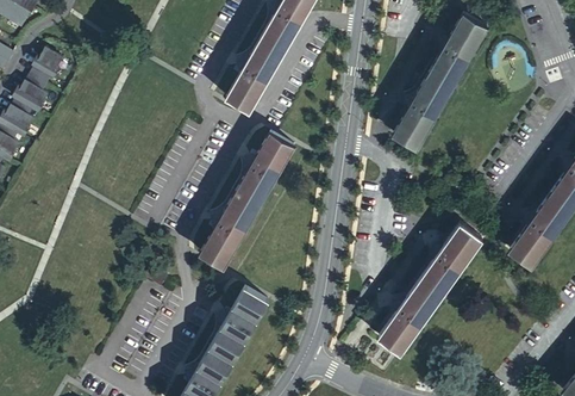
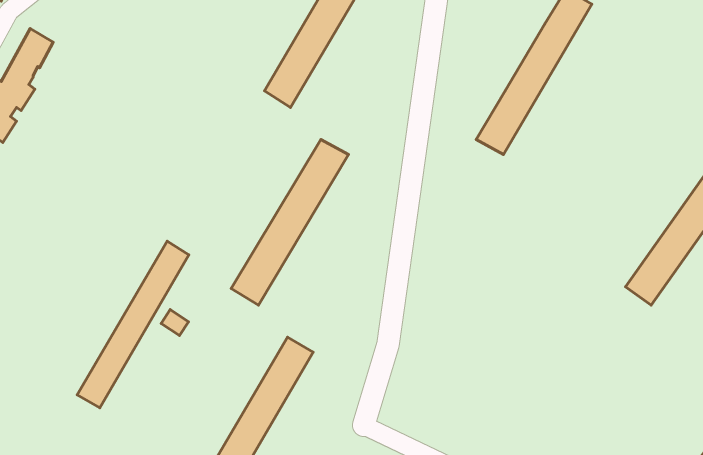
building: none -> [77,241,189,408]
building: [381,227,481,352] -> none

